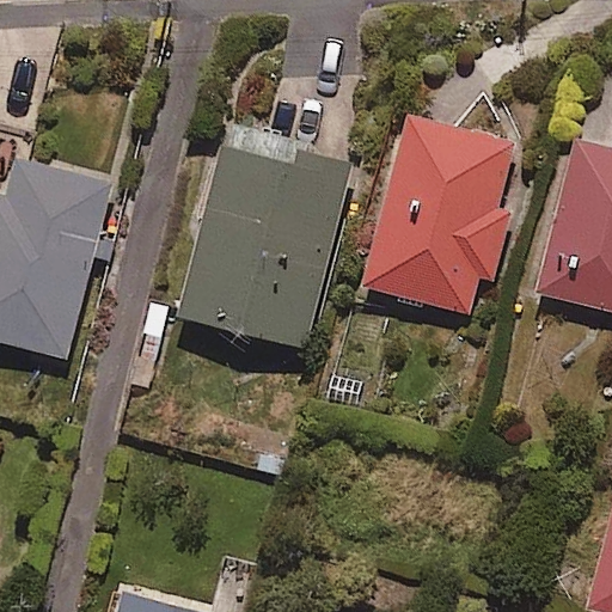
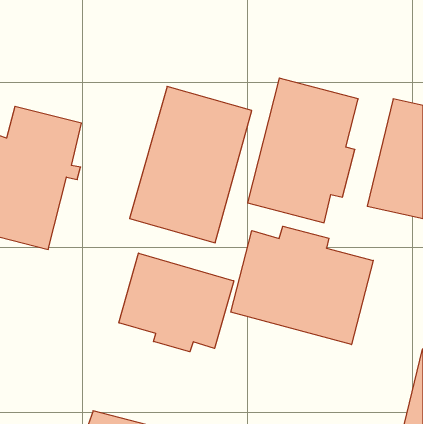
building: none -> [231,226,373,345]
building: none -> [119,253,234,352]

